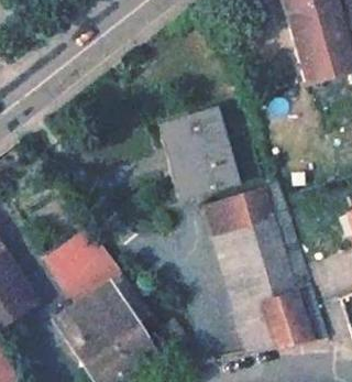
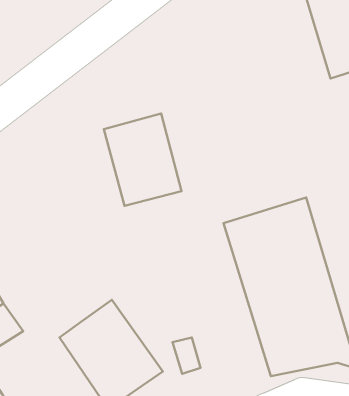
building: [165,116,235,199] -> [104,113,182,206]
building: [47,229,121,301] -> none

